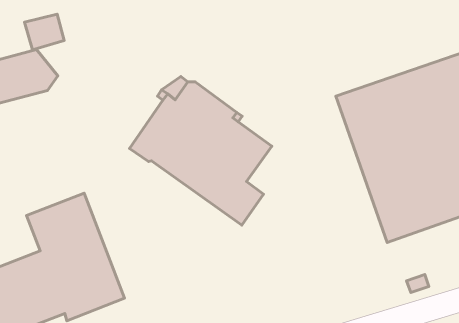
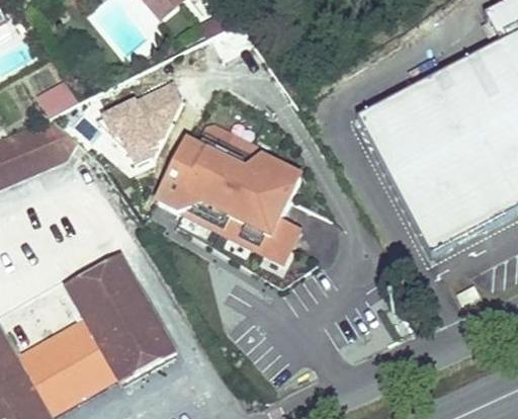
building: none -> [98,78,189,171]

